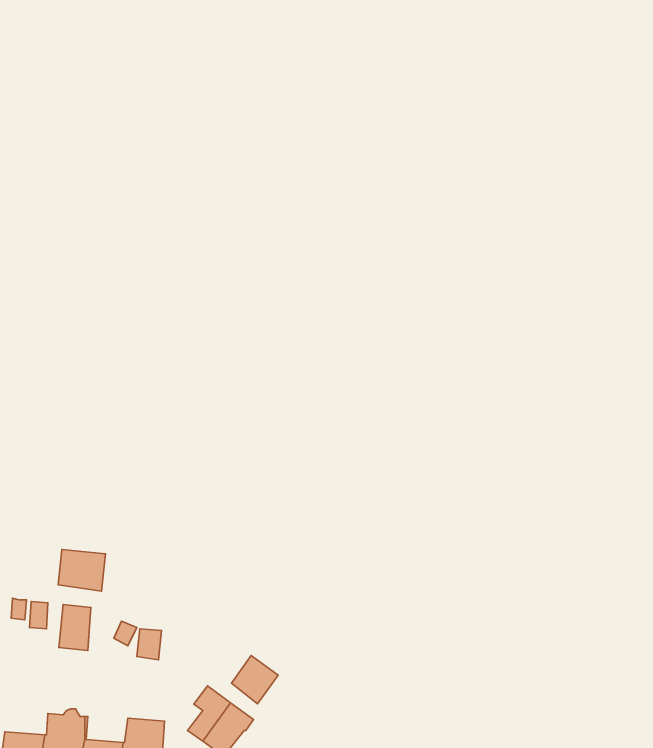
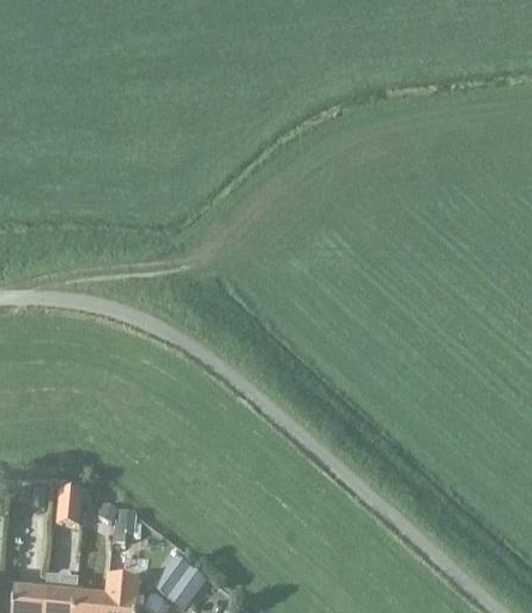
building: [58,549,106,591] -> none
building: [232,656,278,704] -> none

